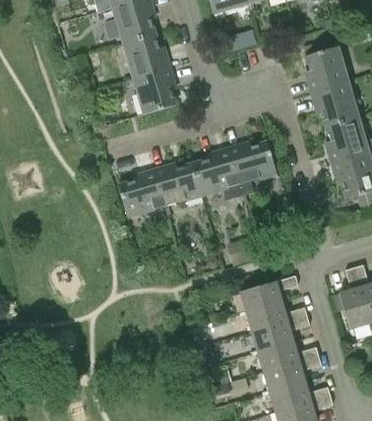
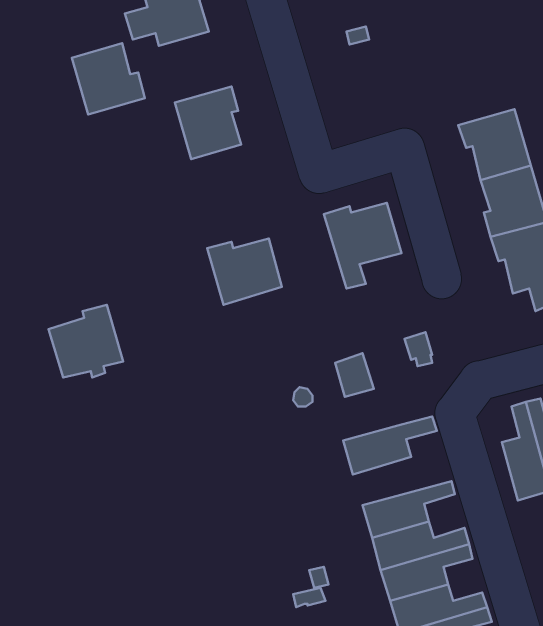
building: [123,34,169,78] -> [72,43,145,114]
building: [305,47,347,93] -> none
building: [192,148,241,200] -> none
building: [117,170,164,216] -> [49,305,123,378]
building: [245,301,307,332] -> none

